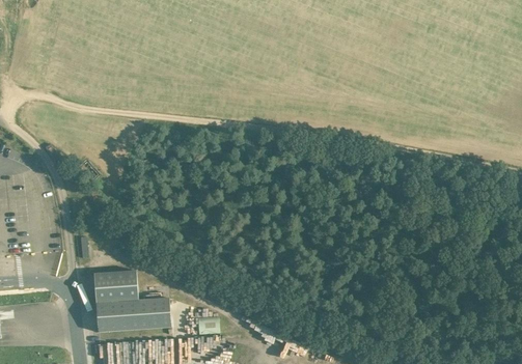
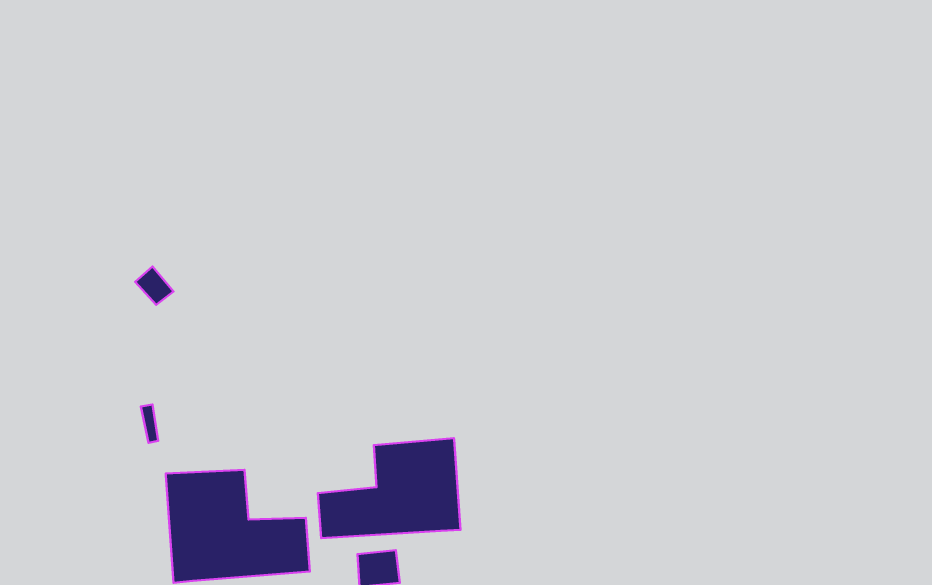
building: none -> [318,438,461,538]

